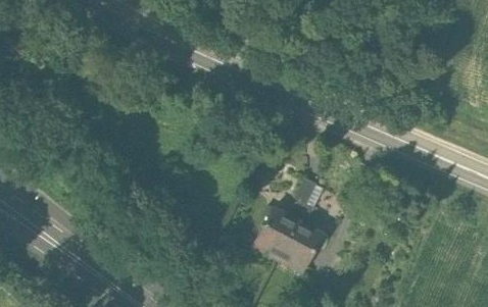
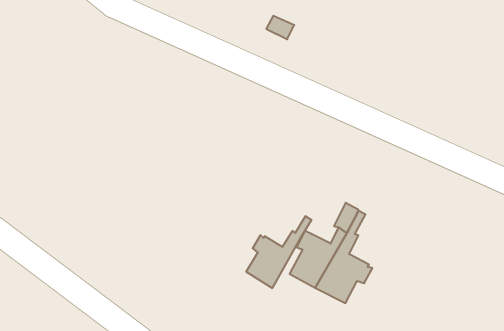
building: none -> [246,216,311,288]

